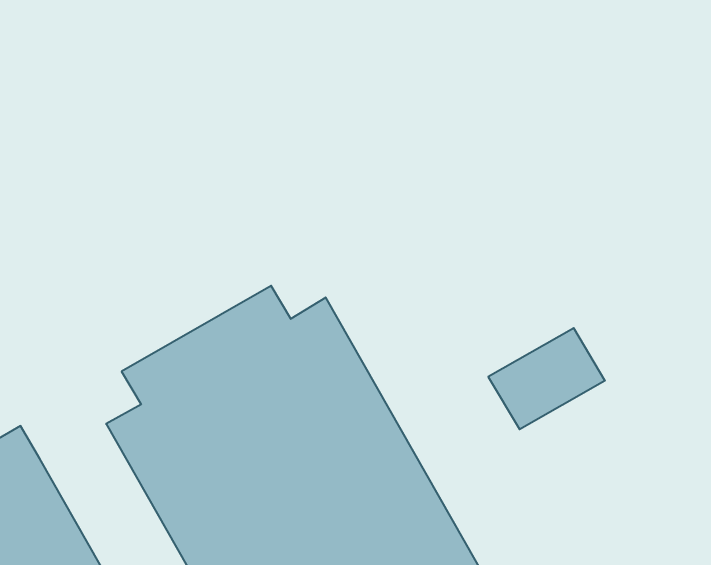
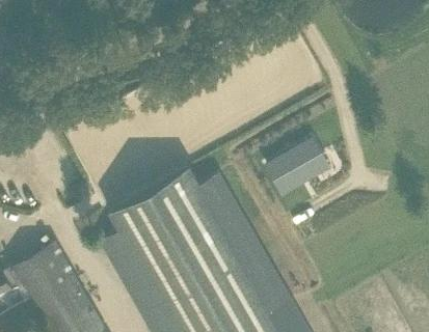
building: [488,328,605,429] -> [268,140,330,194]

